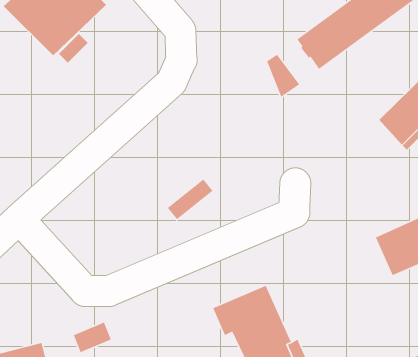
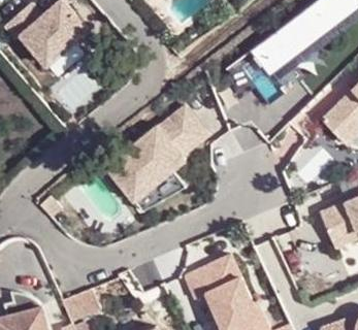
building: none -> [105,99,215,196]

